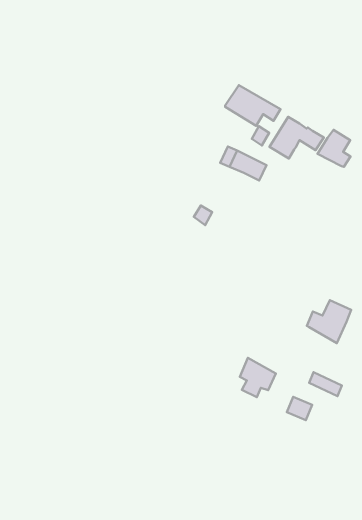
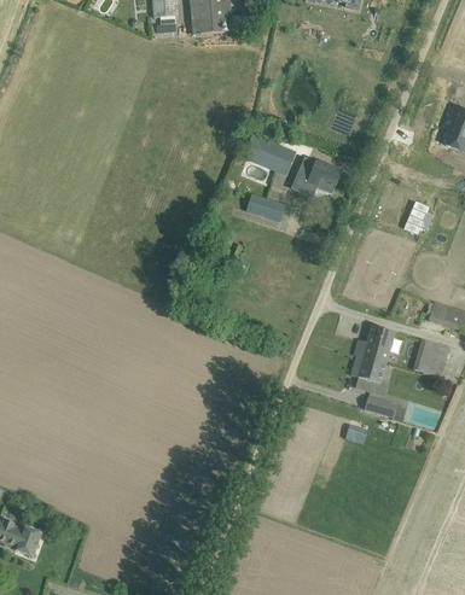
building: [318,130,351,167] -> none
building: [240,358,276,397] -> [351,355,385,391]

